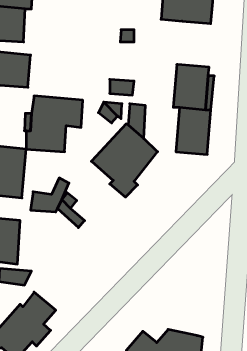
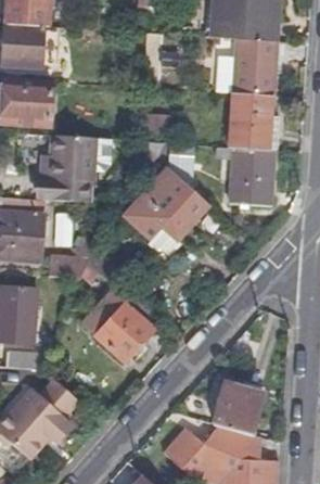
building: none -> [232,41,278,99]
building: none -> [93,303,152,361]
building: none -> [216,381,266,433]

